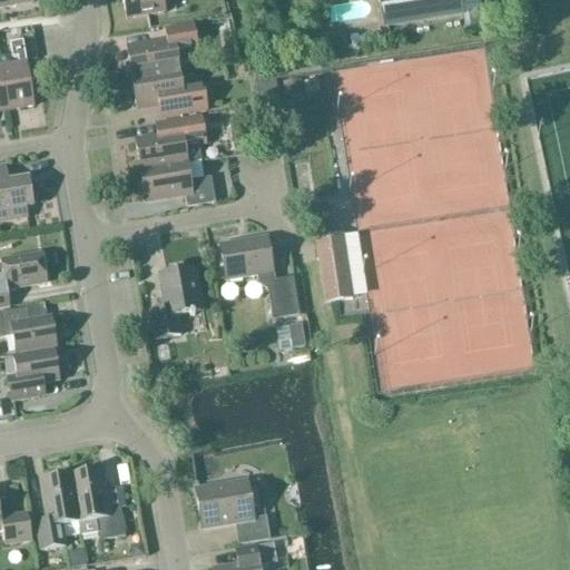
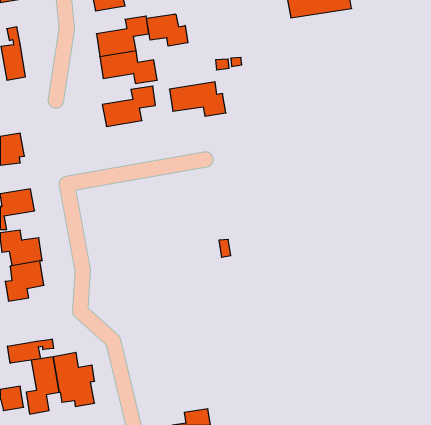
building: none -> [147,14,188,46]
building: [141,157,216,203] -> [169,82,226,116]
building: [316,230,354,298] -> none
building: [222,234,301,315] -> none
building: [151,264,204,335] -> none
building: none -> [8,339,54,363]
building: [199,479,271,542] -> none

